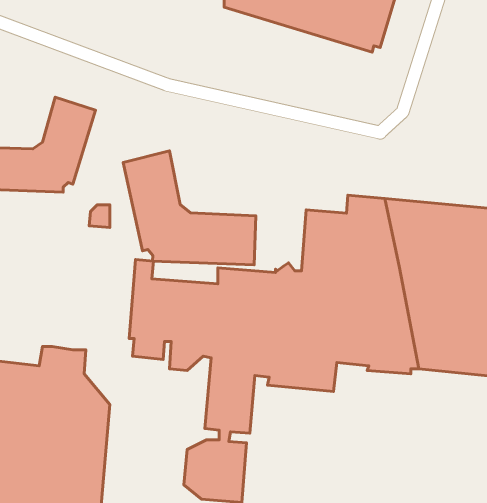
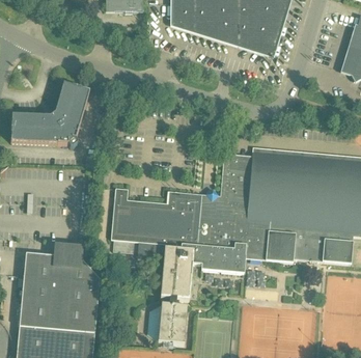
building: [123,151,256,265] -> none

